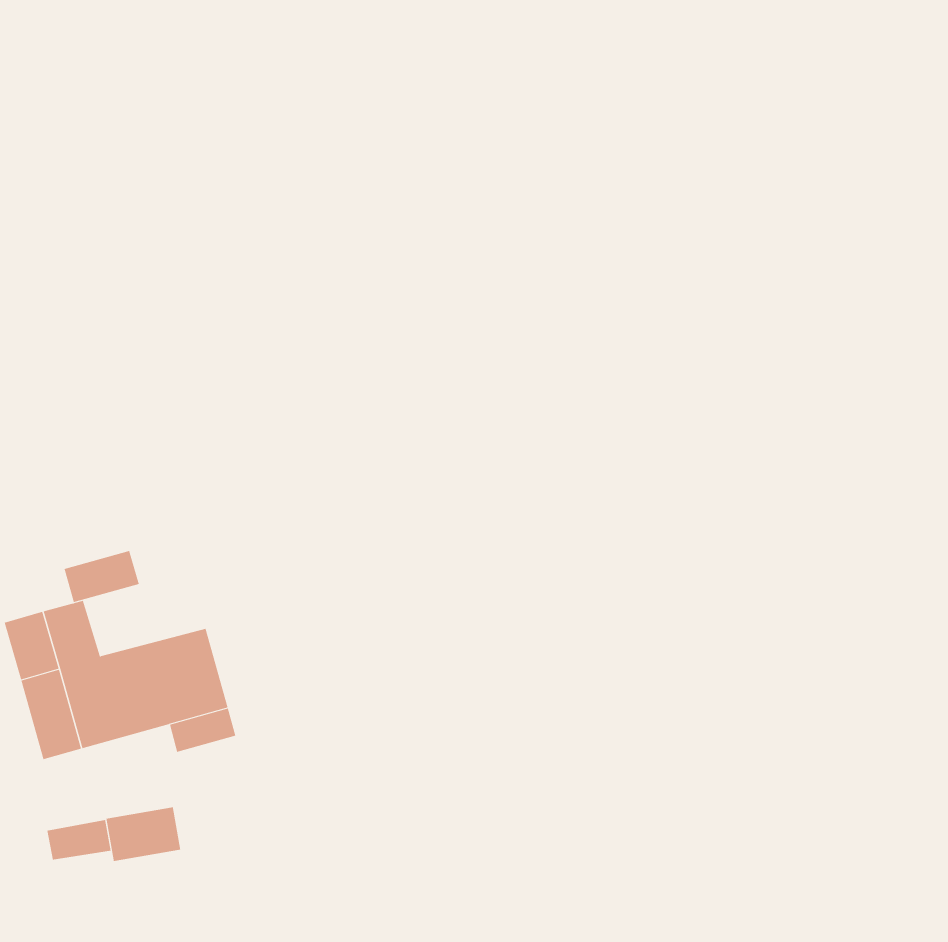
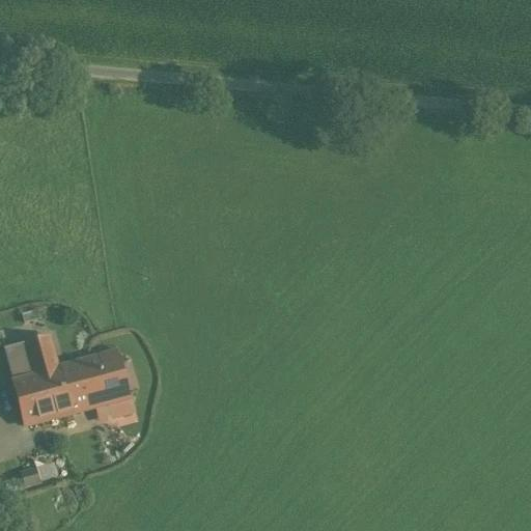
building: [64,550,139,603] -> none
building: [106,806,181,862] -> none

